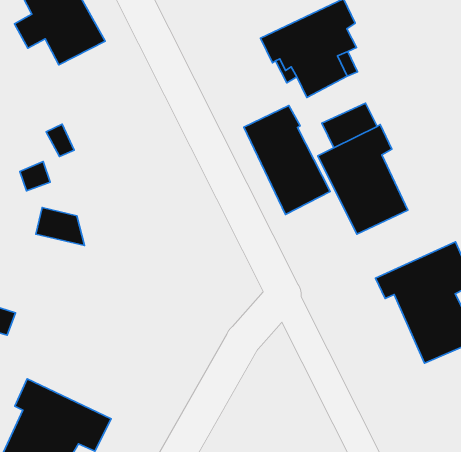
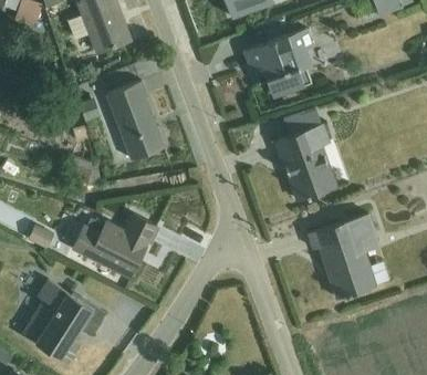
building: [244,106,330,215] -> [106,82,164,160]
building: none -> [72,215,157,279]

